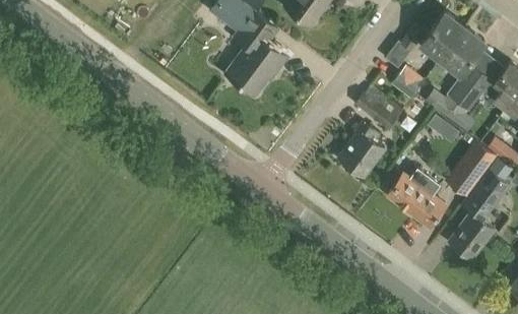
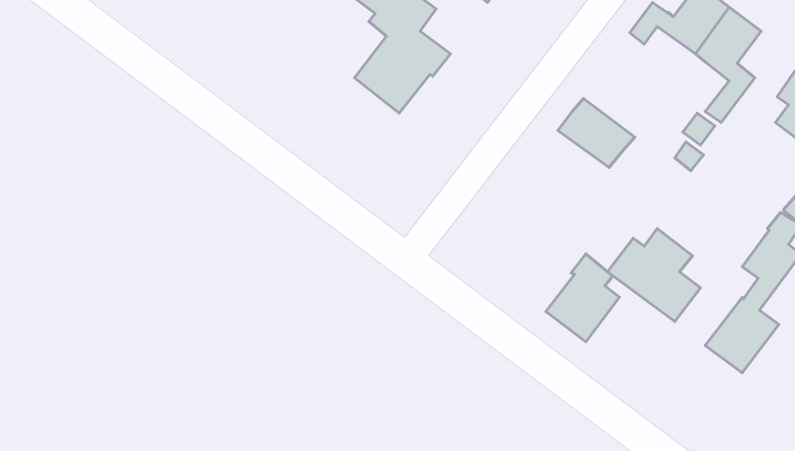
building: [392,66,426,100] -> none
building: [448,73,492,129] -> none
building: [338,122,385,178] -> [546,254,619,342]
building: [447,142,497,195] -> none

